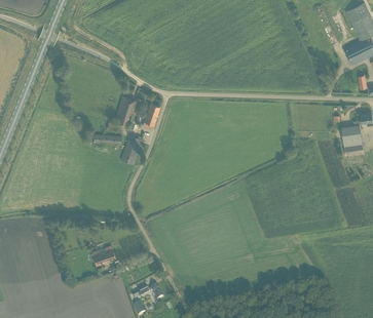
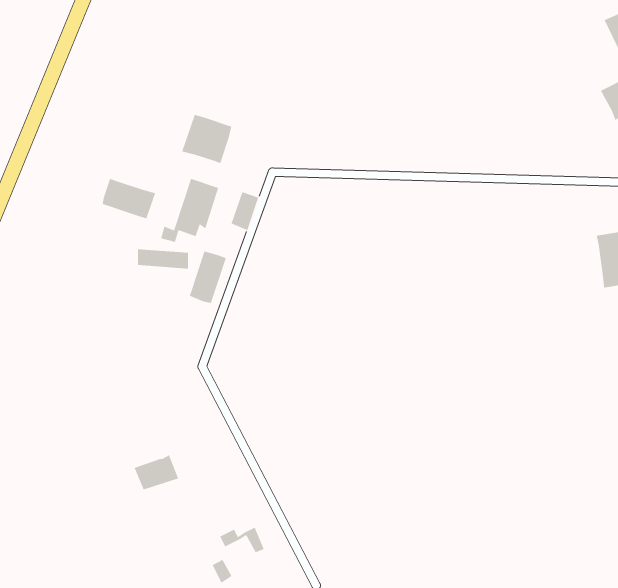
building: none -> [181,114,232,164]
building: none -> [102,178,156,219]

